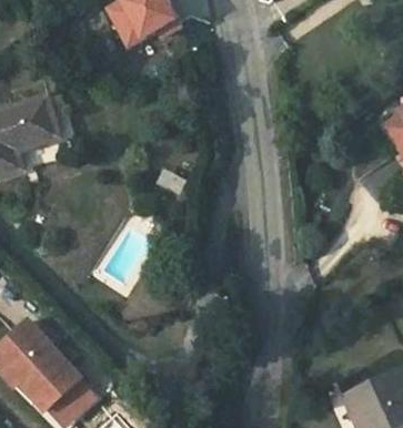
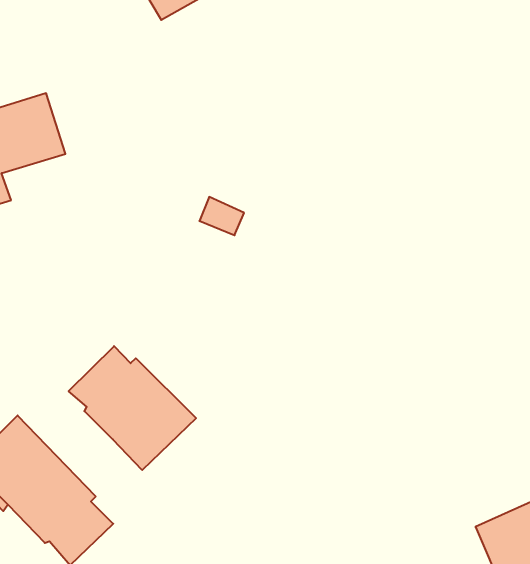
building: none -> [69,346,196,470]

